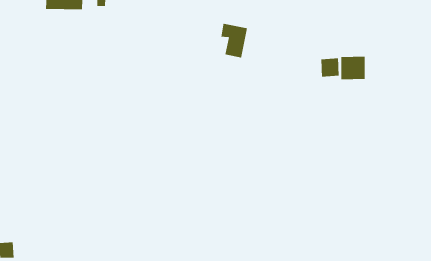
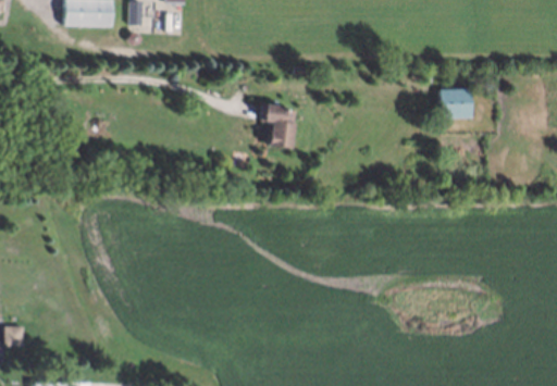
building: [220,23,248,58] -> [261,103,296,148]
building: [321,58,339,77] -> none

